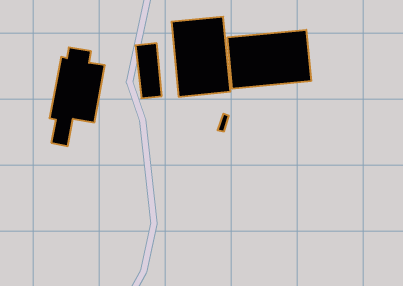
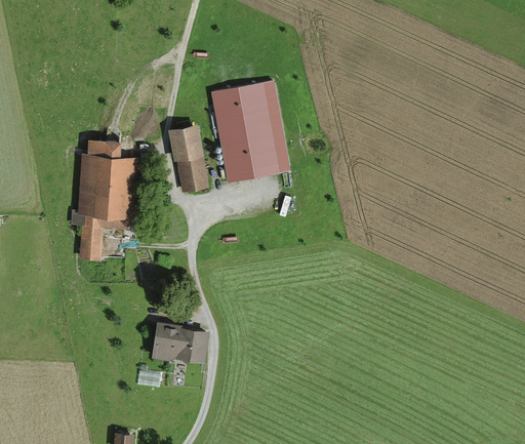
building: [228,30,311,89] -> none
building: none -> [153,326,209,363]

